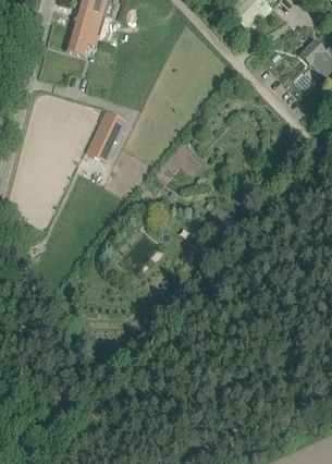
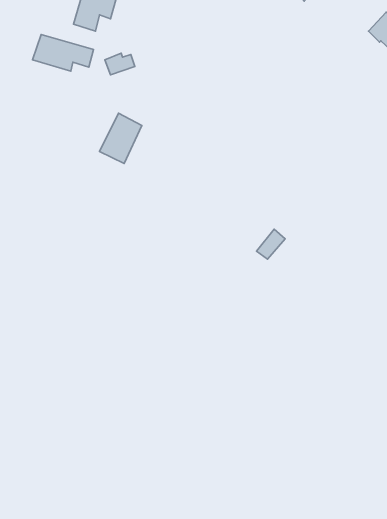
building: none -> [32,34,94,71]

